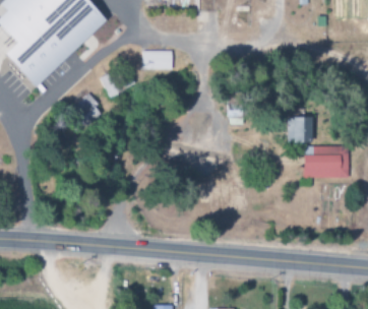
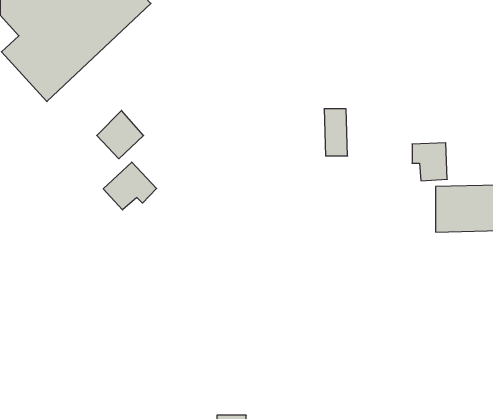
building: [142,50,173,70] -> none
building: [100,66,135,97] -> none
building: none -> [103,162,157,210]

